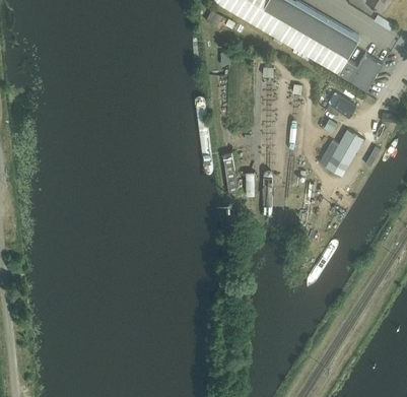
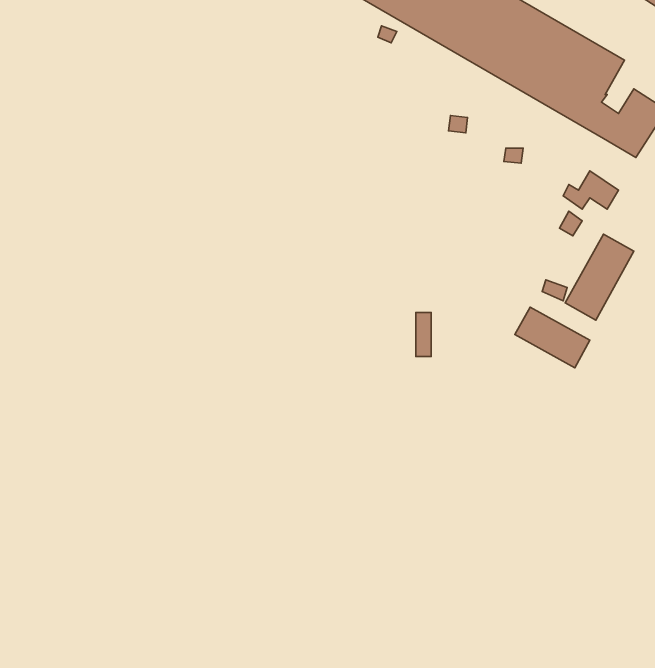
building: none -> [515,307,590,368]

